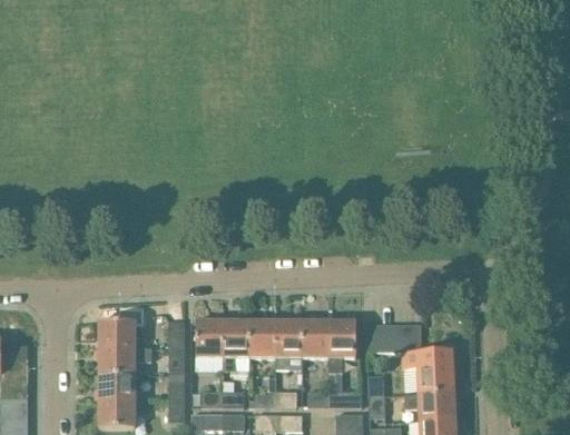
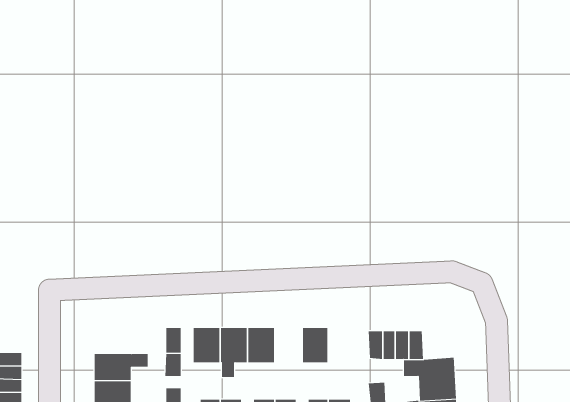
building: [98,305,142,347] -> none
building: [327,315,355,373] -> none
building: [275,322,302,369] -> none

